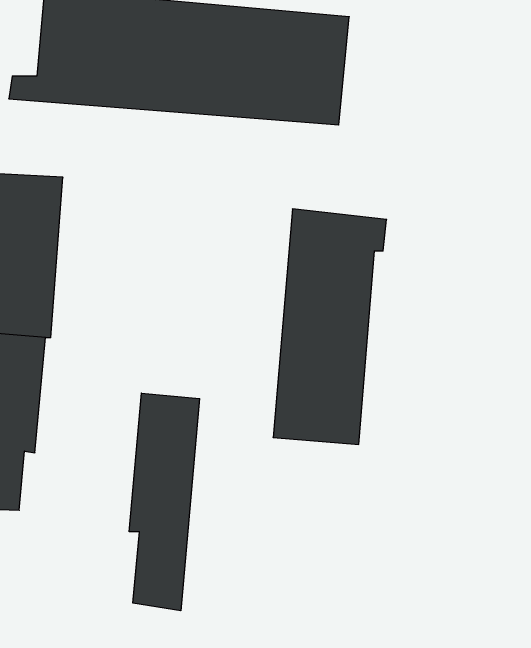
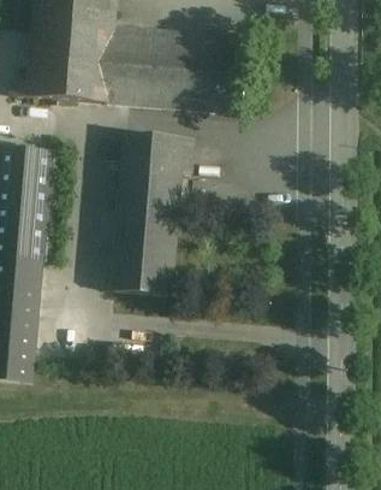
building: [273,209,387,444] -> [112,131,190,294]
building: [129,393,200,611] -> none

